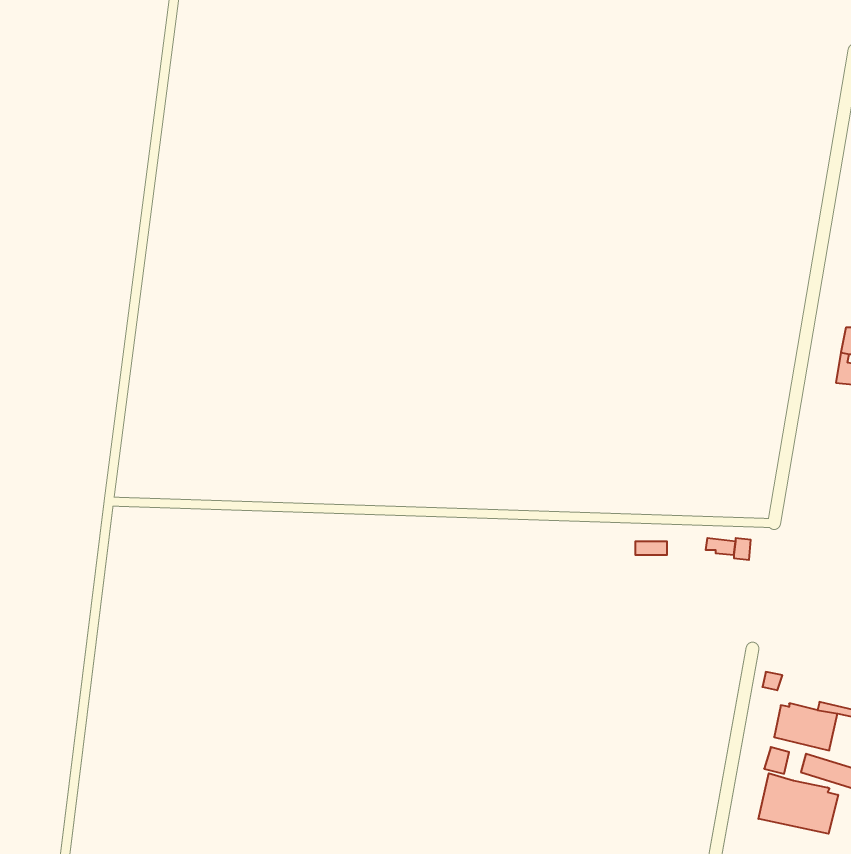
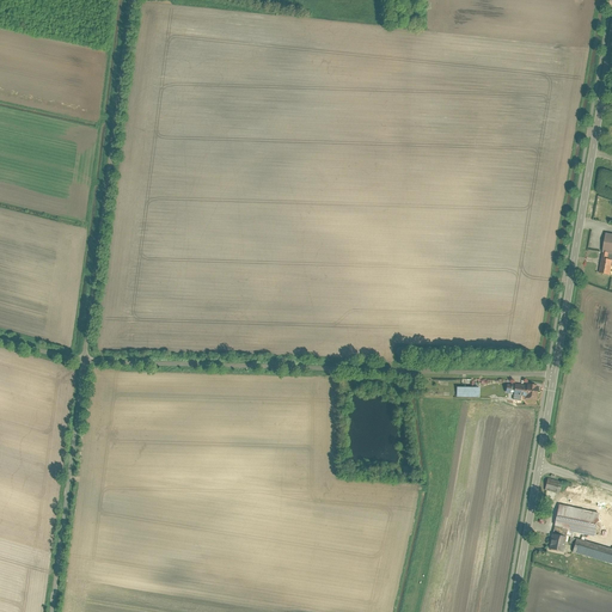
building: [758,773,838,834] -> none

